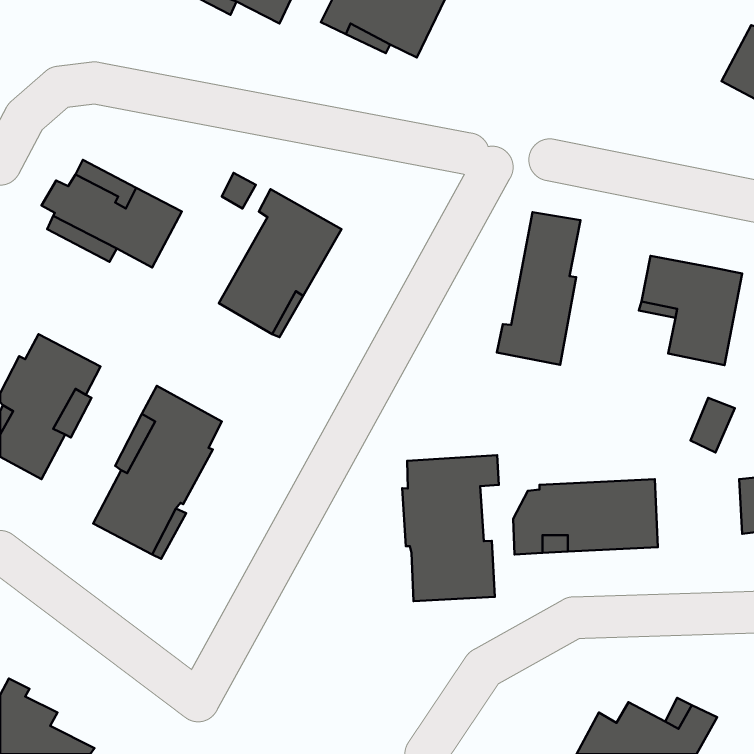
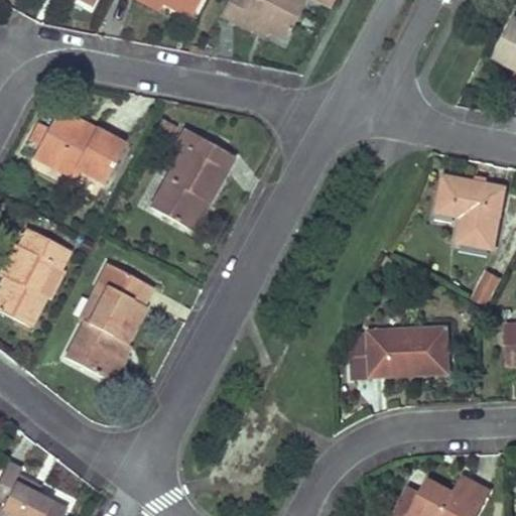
building: [497,212,581,365] -> none
building: [402,455,499,601] -> none

